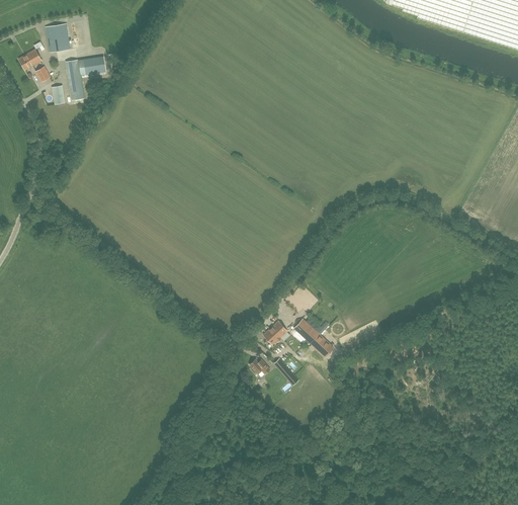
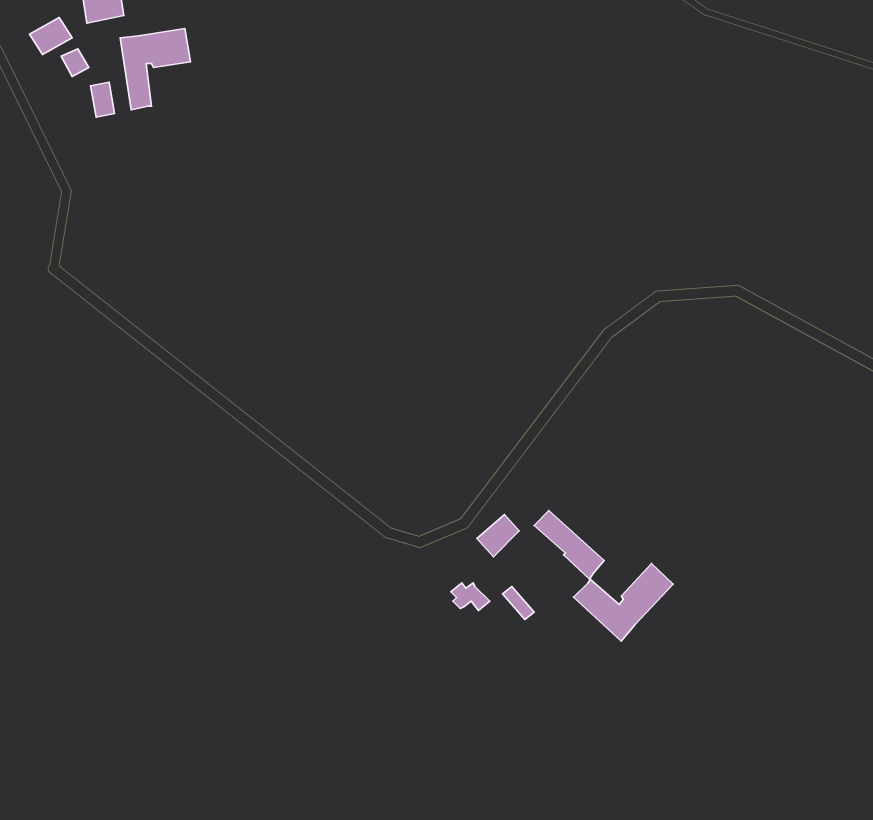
building: none -> [574,563,673,641]

